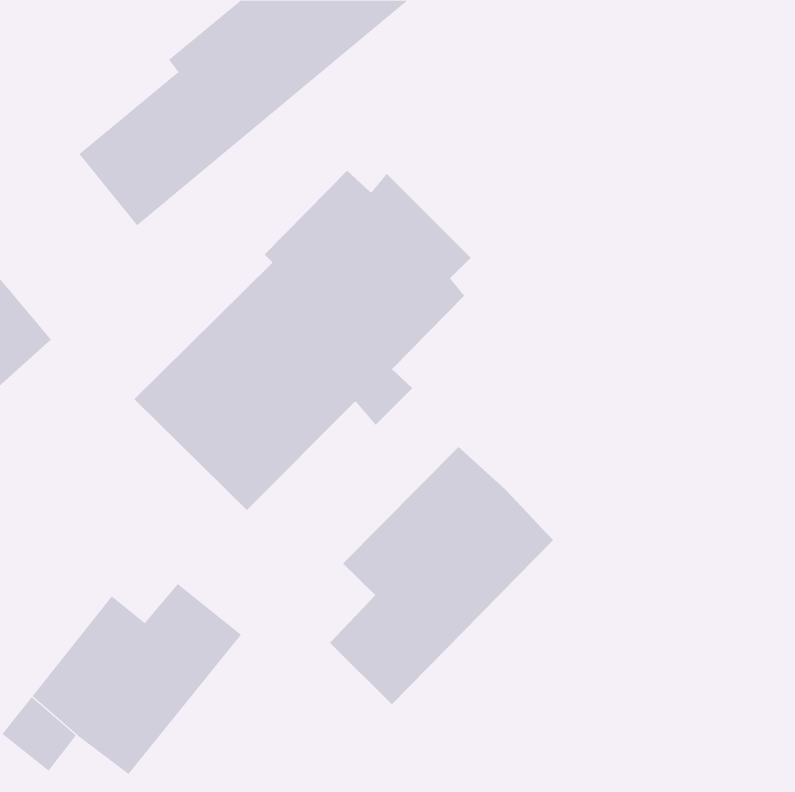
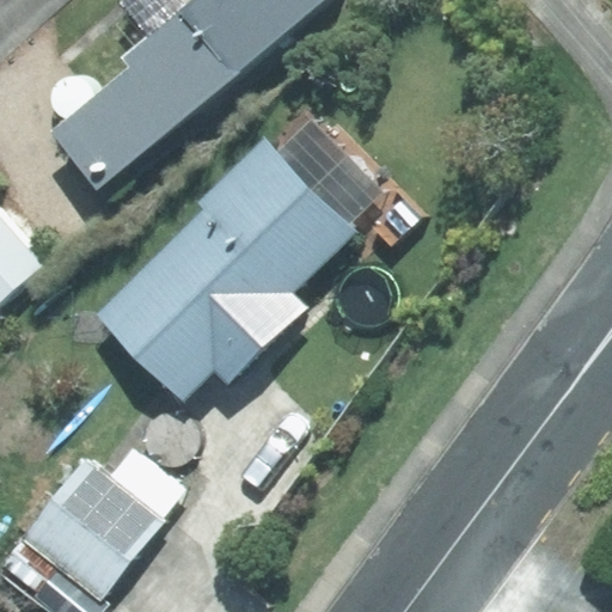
building: [329,446,554,705] -> none

